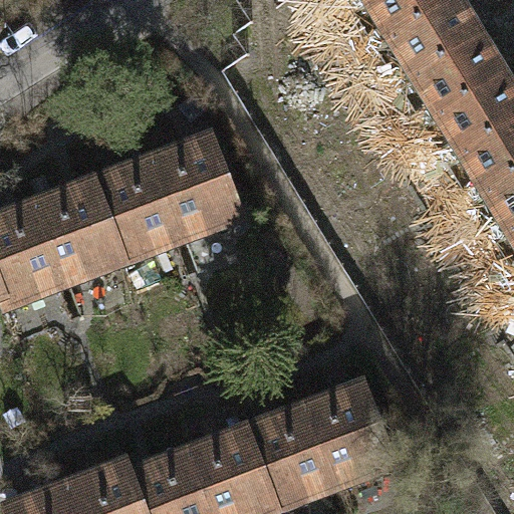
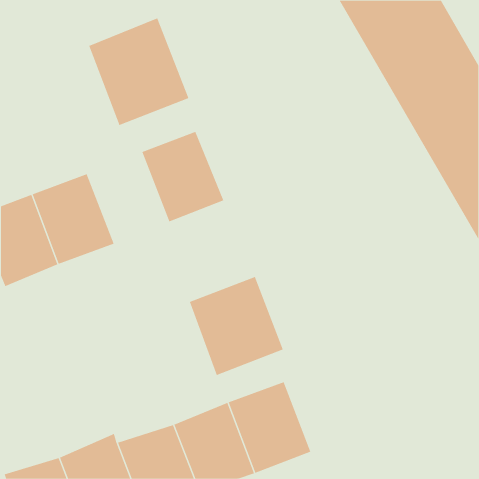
building: none -> [88,18,189,126]
building: [93,163,181,261] -> none
building: none -> [189,276,283,376]
building: [304,387,392,484] -> none

